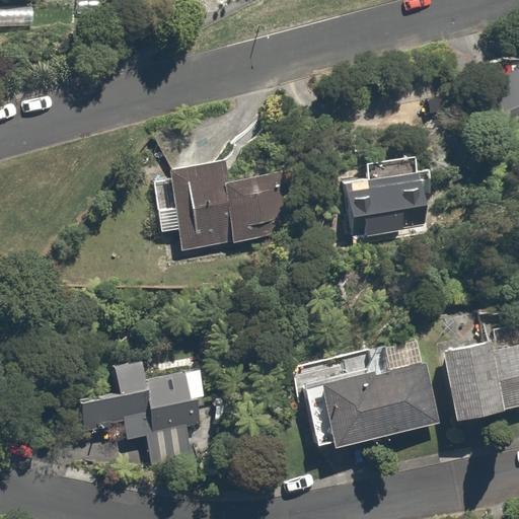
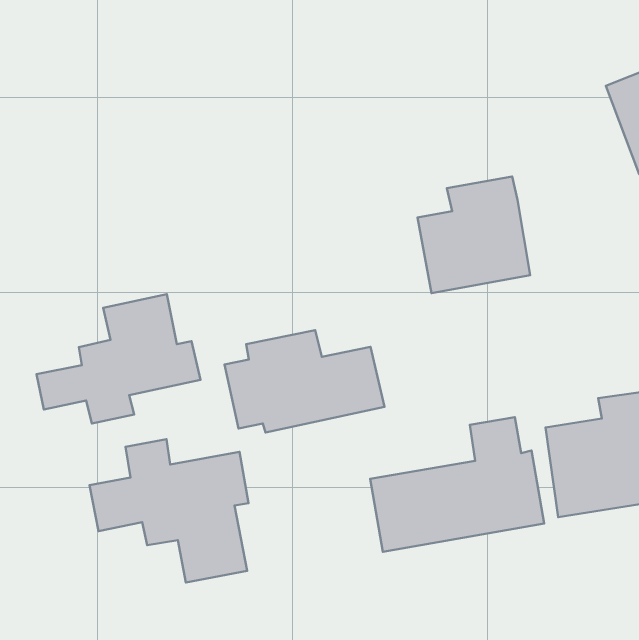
building: [153,162,280,243] -> [224,330,384,433]
building: none -> [37,294,200,424]

